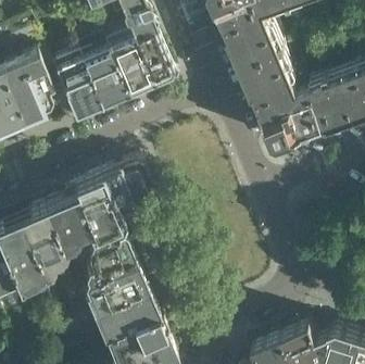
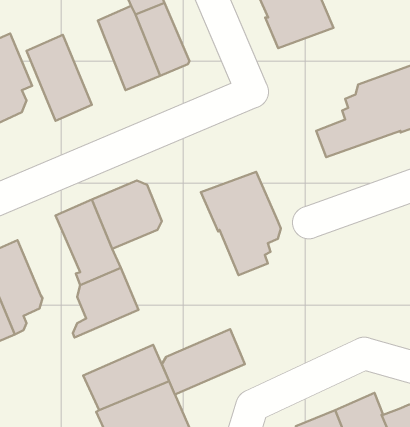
building: [79,43,126,106] -> none
building: [240,49,300,126] -> [201,172,281,275]
building: [46,189,92,249] -> none
building: [85,260,147,309] -> [162,329,245,395]

